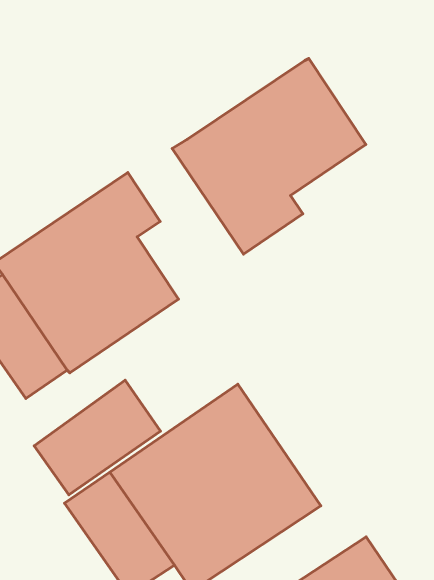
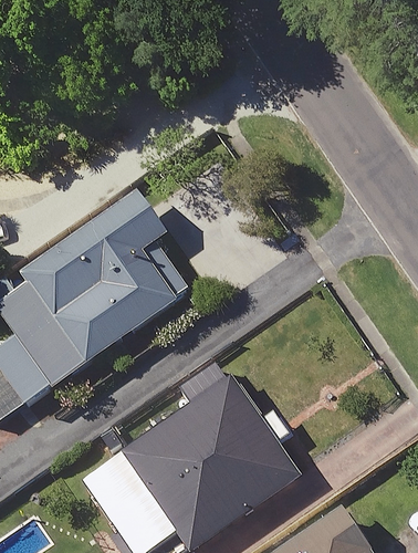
building: [172,59,366,254] -> none
building: [34,380,161,495] -> none

